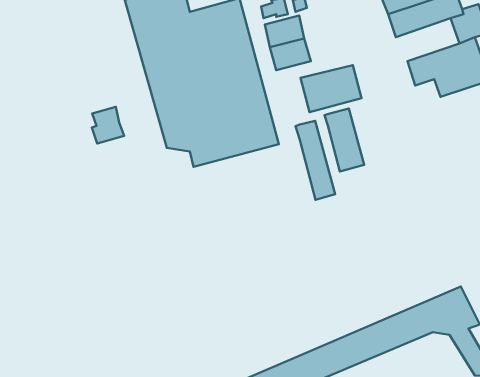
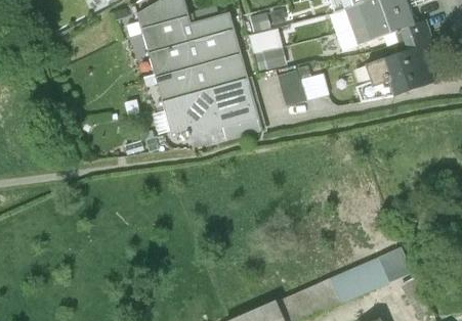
building: [92,107,124,144] -> none
building: [325,109,364,172] -> none
building: [296,121,335,200] -> none

